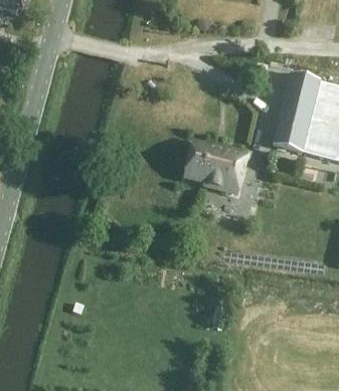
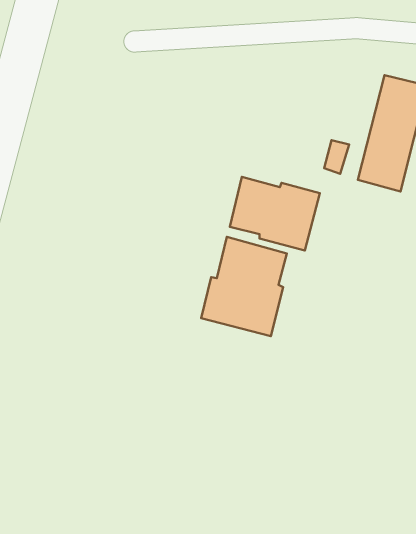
building: none -> [201,237,287,336]

